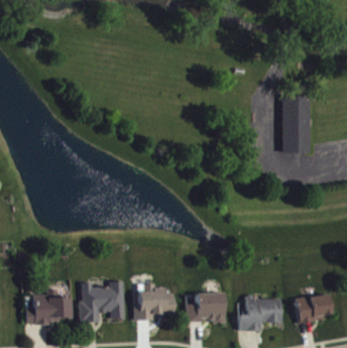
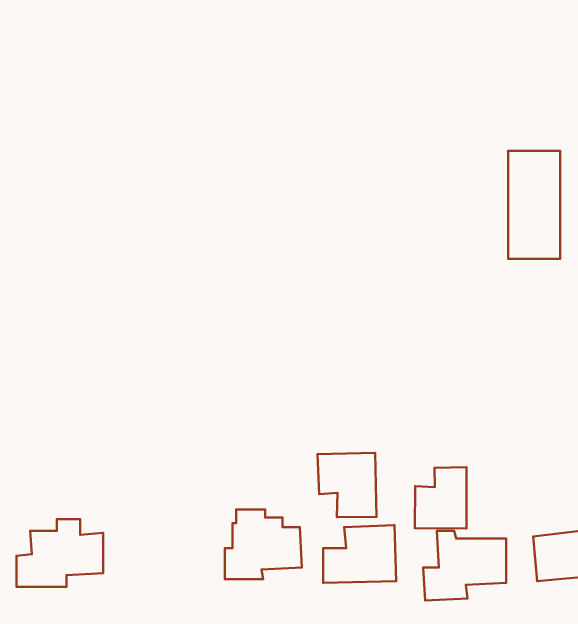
building: none -> [317,453,376,517]
building: none -> [415,467,467,529]
building: [80,281,124,322] -> none

